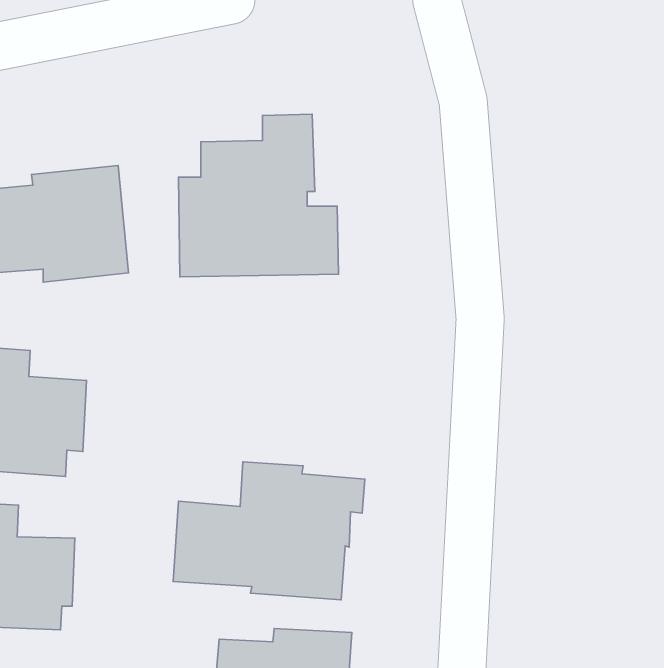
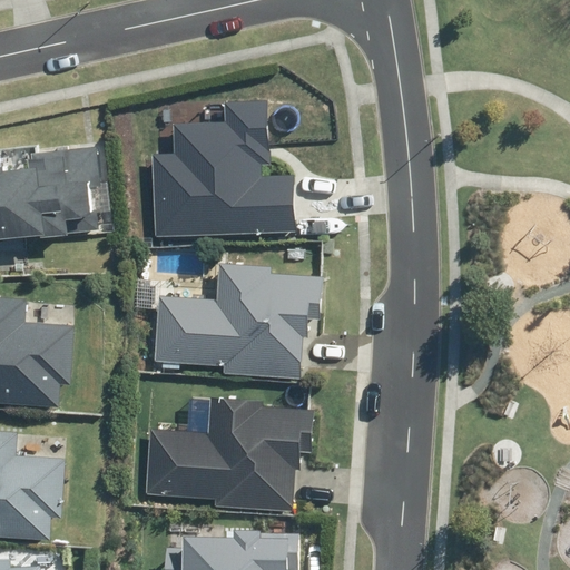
building: none -> [153,264,321,377]

